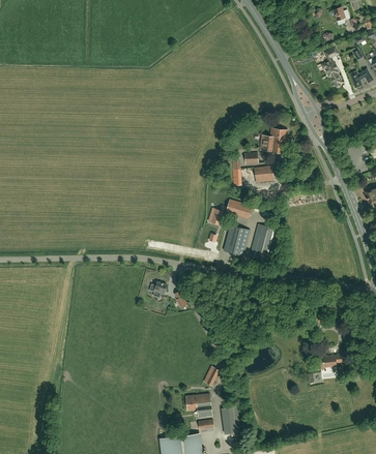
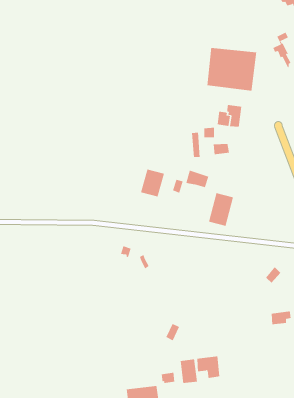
building: none -> [207,47,257,91]
building: [224,224,251,255] -> [140,169,165,197]
building: [186,393,212,418] -> [196,356,220,378]

